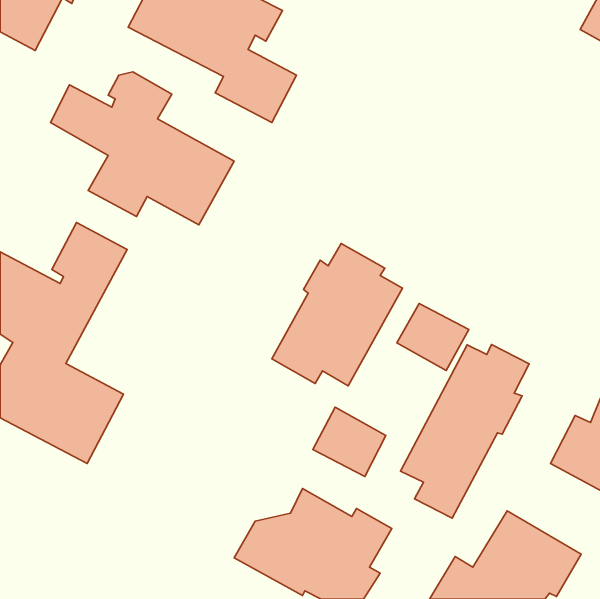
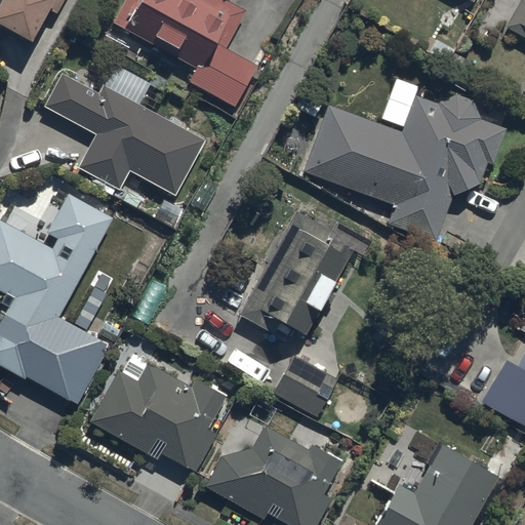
building: none -> [305,94,508,242]
building: [397,303,469,370] -> none
building: [400,345,529,518] -> none
building: none -> [90,354,230,472]

